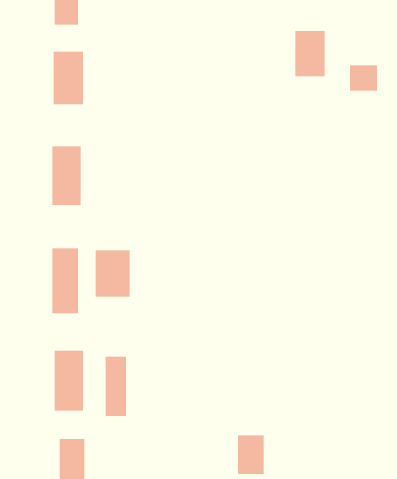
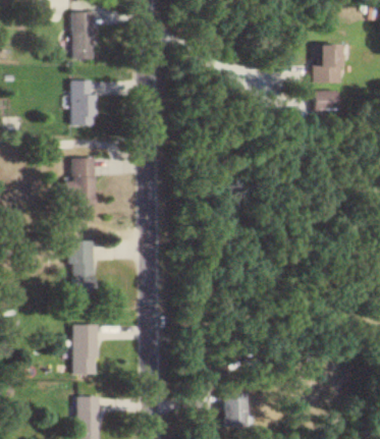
building: [294,31,326,77] -> [316,46,341,84]
building: [95,250,130,297] -> none
building: [105,356,126,417] -> none

